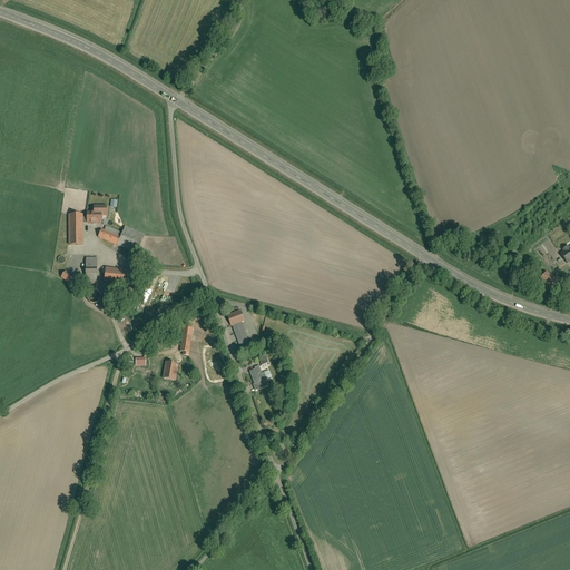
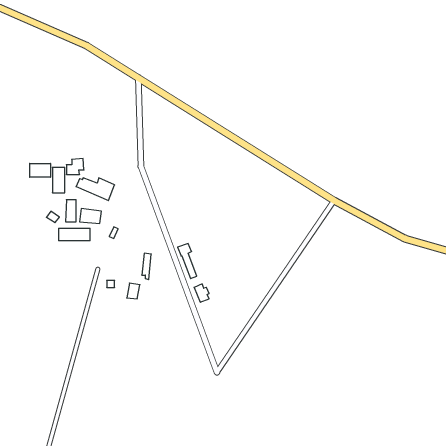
building: none -> [30,163,50,177]
building: none -> [59,228,90,241]

